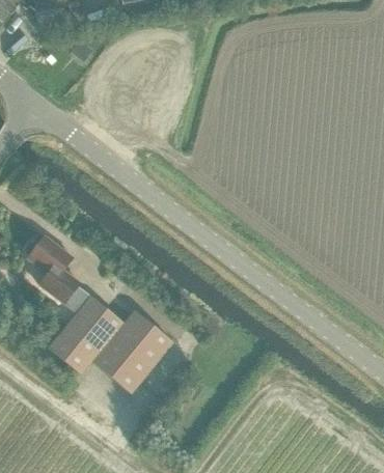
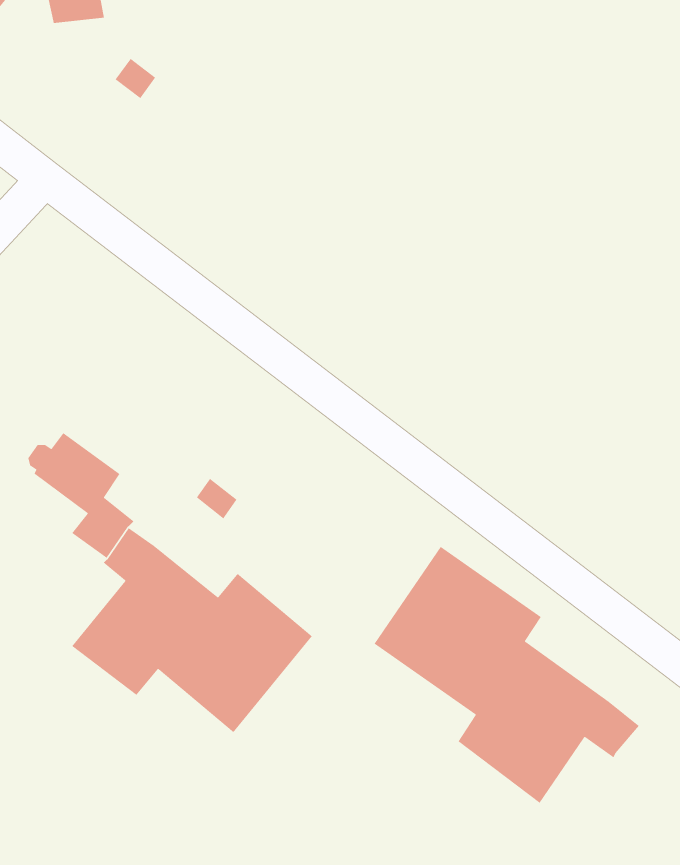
building: none -> [373,546,640,804]

